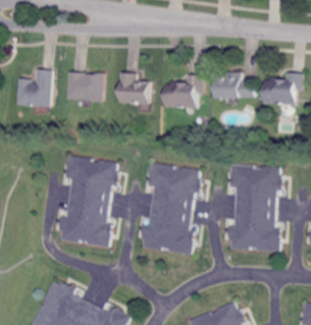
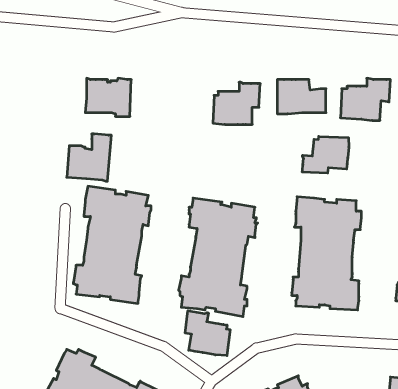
building: [17,69,52,106] -> [67,134,111,181]
building: [119,73,149,104] -> none
building: none -> [302,136,349,173]
building: none -> [185,311,230,356]

